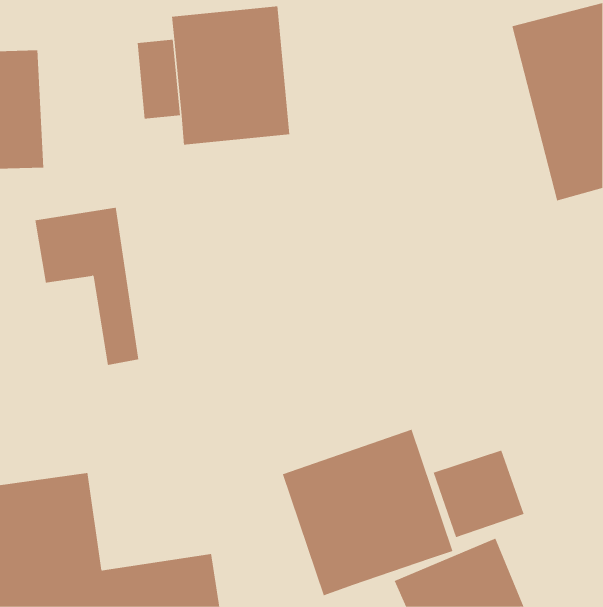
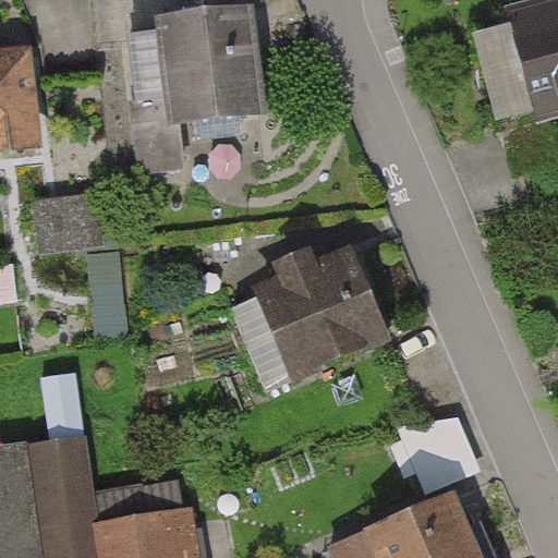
building: none -> [248,247,392,383]
building: [282,429,453,596] -> none

